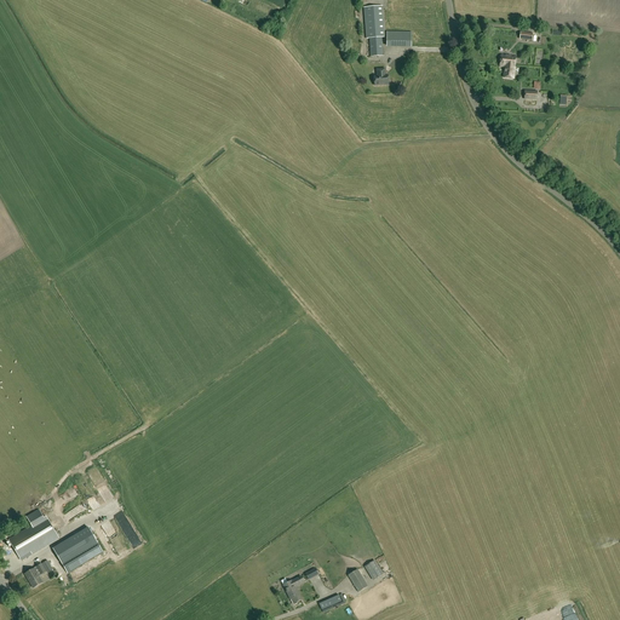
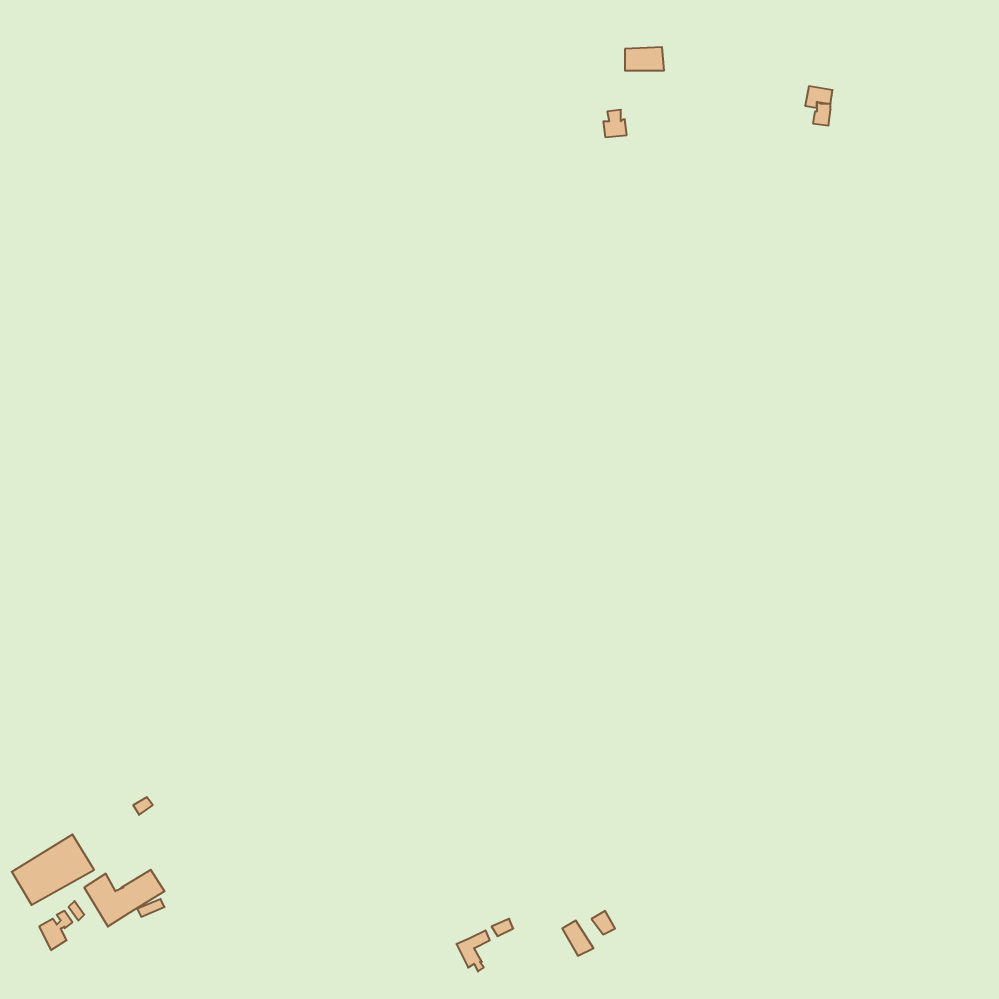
building: [363,5,384,56] -> none

